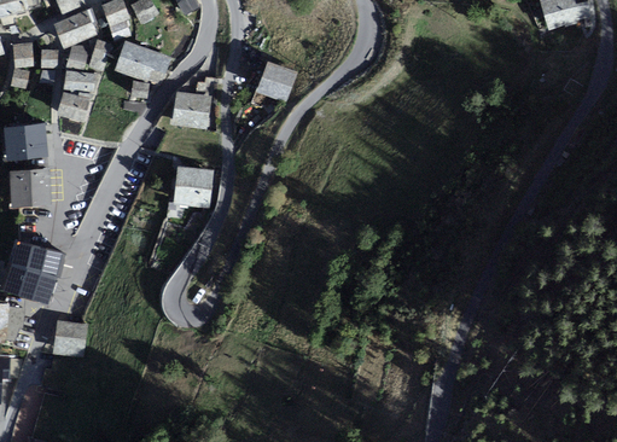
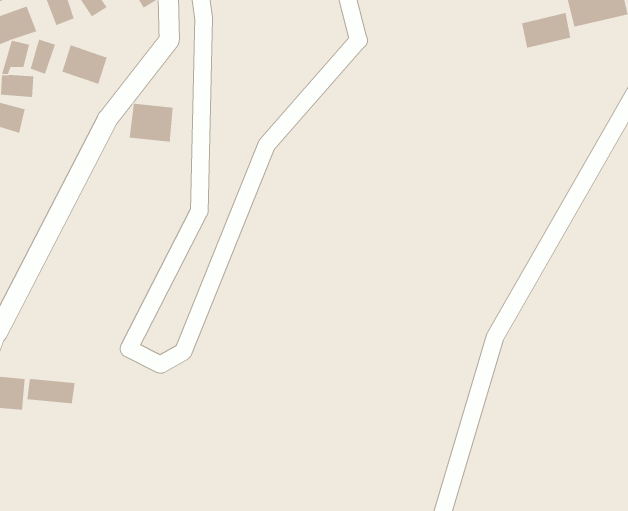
building: none -> [522,12,571,49]
building: [258,64,295,100] -> none
building: [175,169,213,205] -> none
building: none -> [27,378,75,404]

